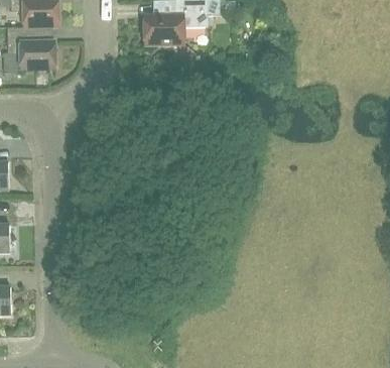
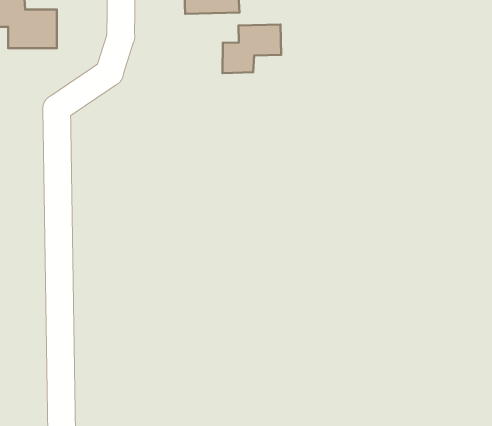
building: none -> [222,24,281,73]

